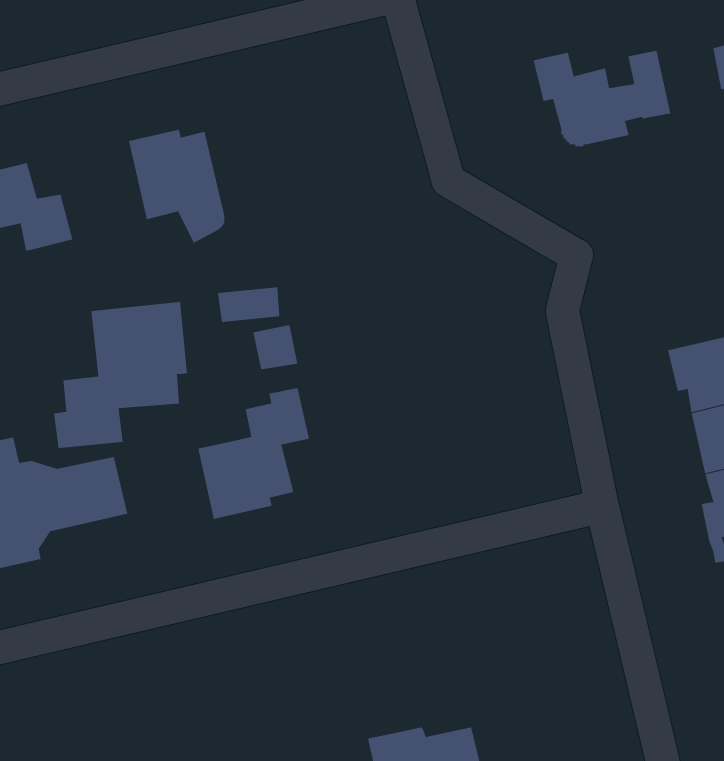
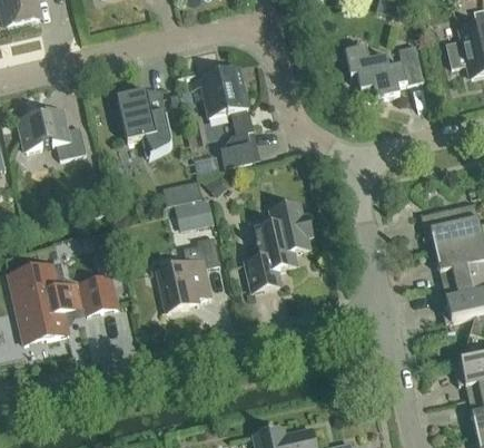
building: none -> [190,68,254,166]
building: [54,301,187,449] -> none
building: none -> [244,202,312,291]

